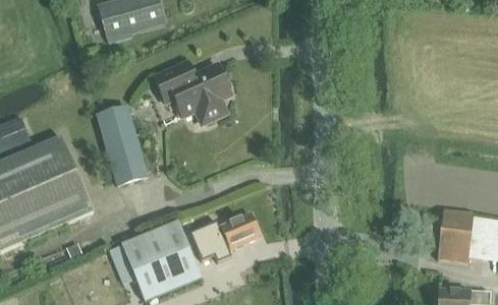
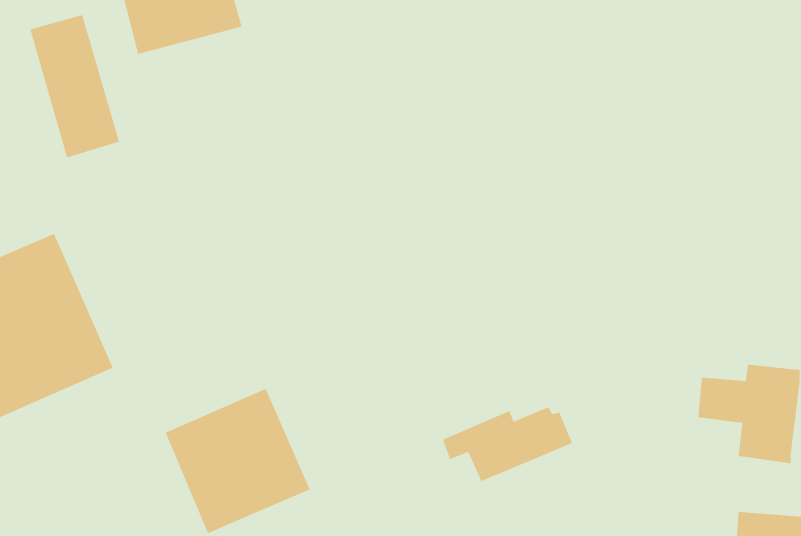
building: [154,64,230,123] -> none
building: [97,106,147,185] -> [30,14,120,158]
building: [187,215,260,256] -> [442,406,573,482]

